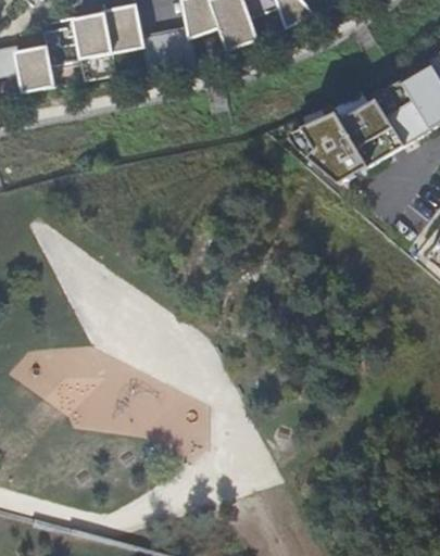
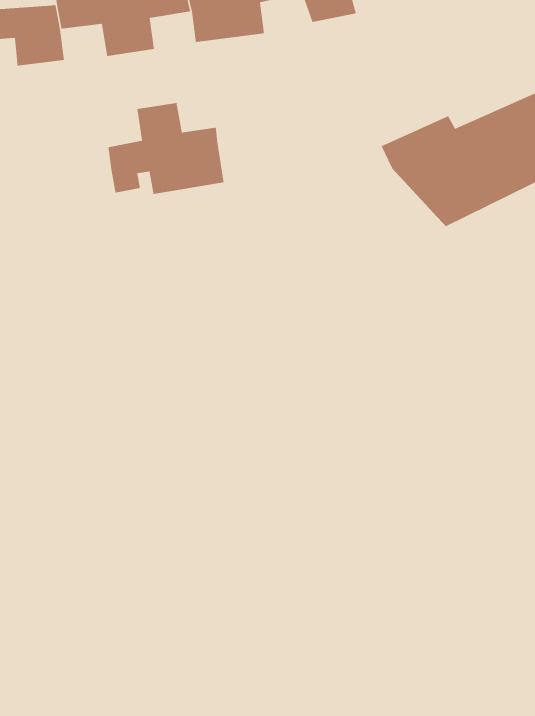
building: none -> [107,102,225,195]

